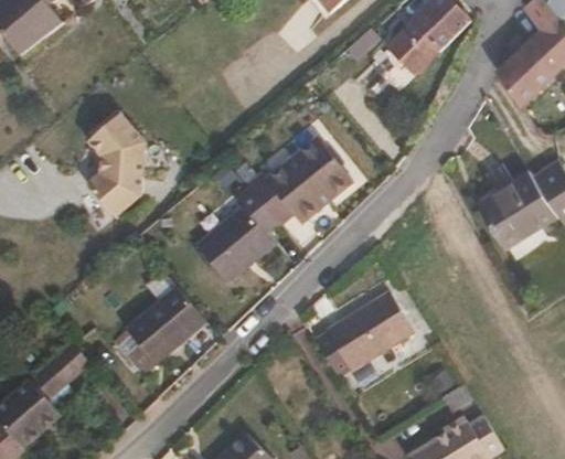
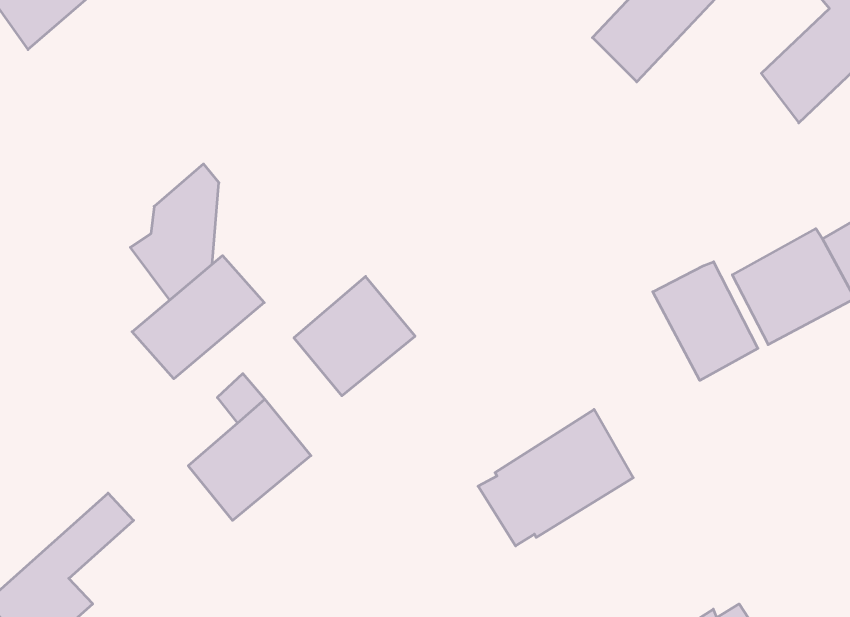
building: [88,115,135,159] -> none
building: [245,136,351,224] -> none
building: none -> [132,256,264,379]
building: none -> [653,262,758,380]

